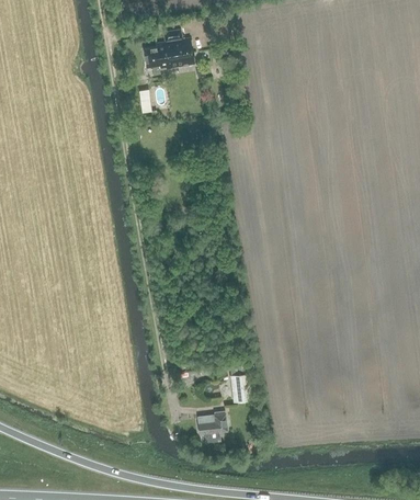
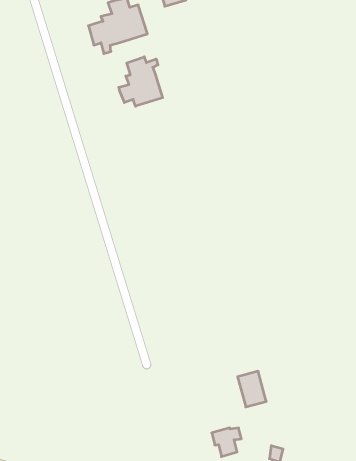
building: none -> [119,57,163,106]

